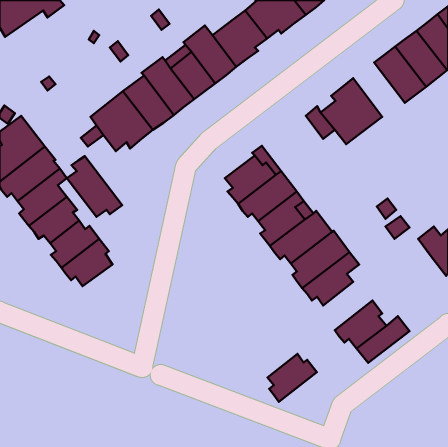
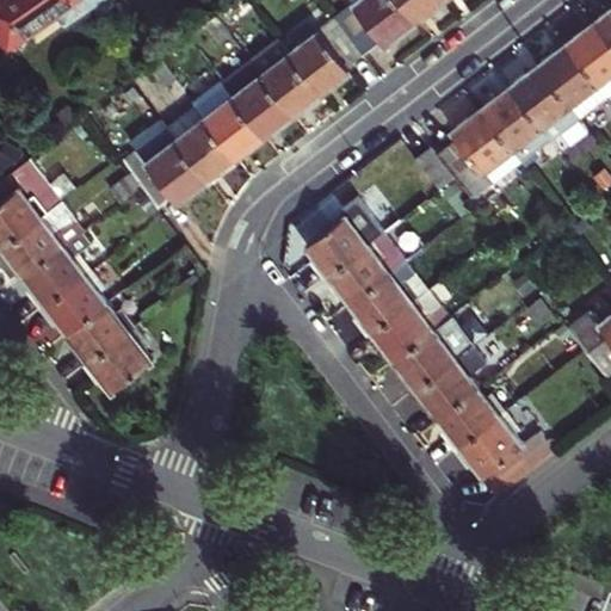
building: none -> [480,87,550,163]
building: [67,156,122,217] -> none
building: [268,354,317,402] -> [439,385,506,451]

